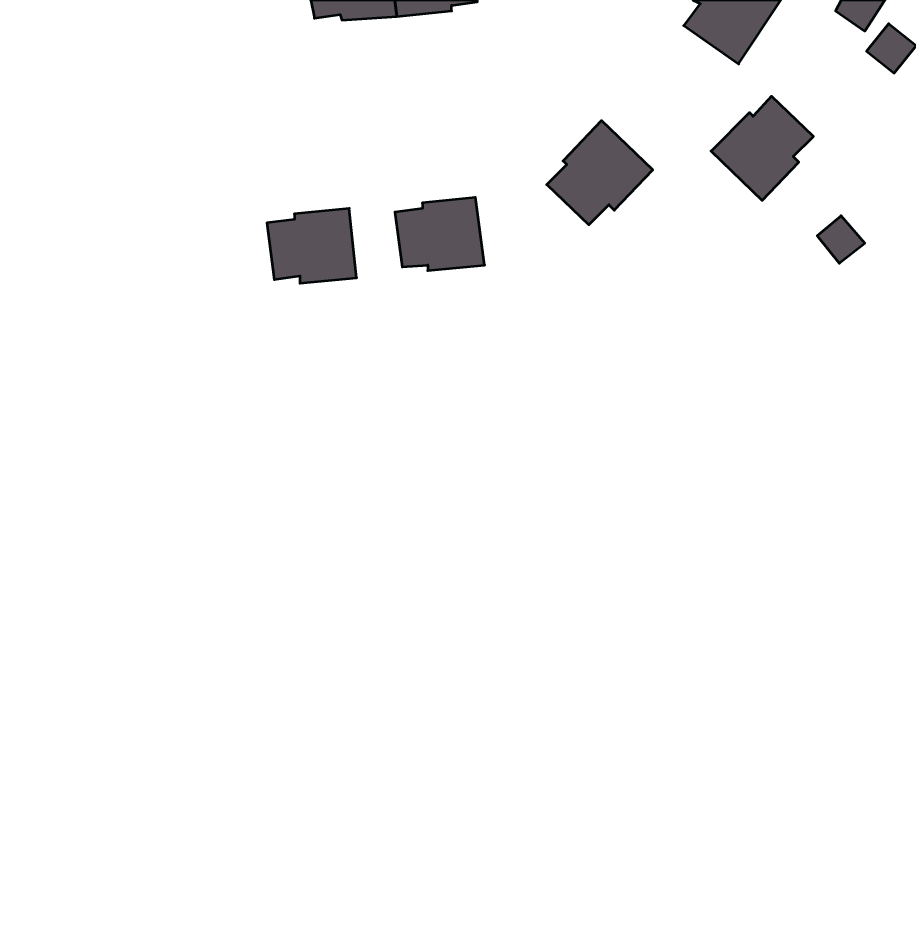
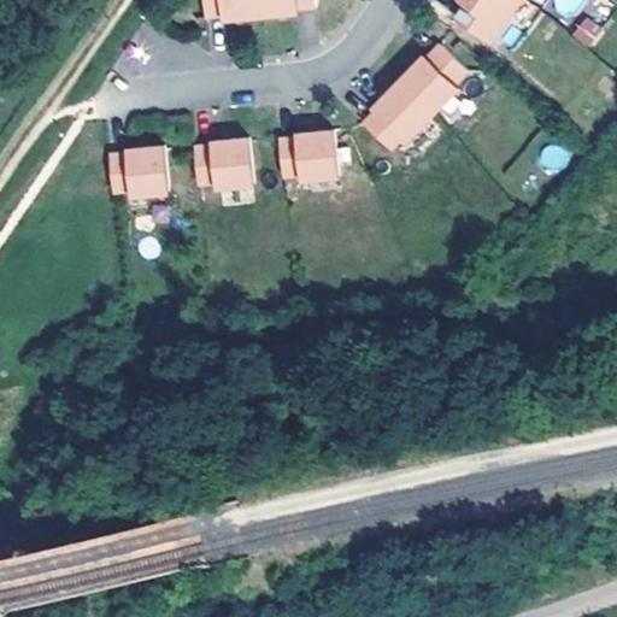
building: [711,96,813,200] -> [409,43,476,112]
building: none -> [105,146,164,195]

